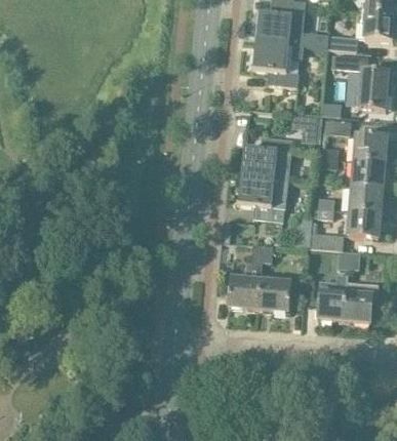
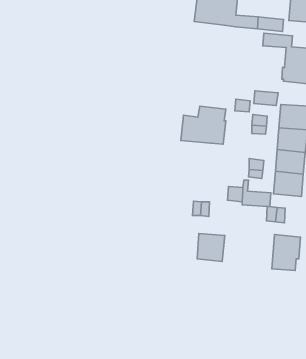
building: [253,39,304,86] -> none
building: [239,174,289,221] -> none
building: [229,277,262,309] -> none
building: [318,281,348,320] -> none

